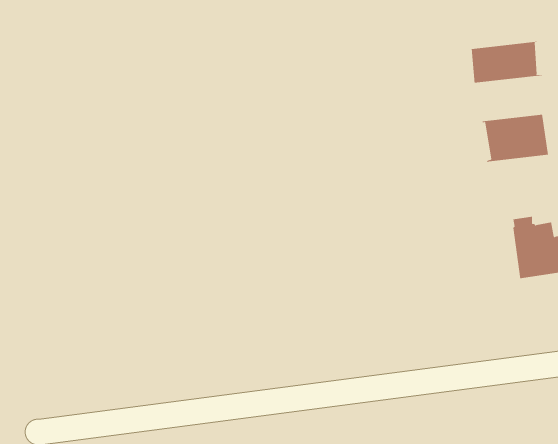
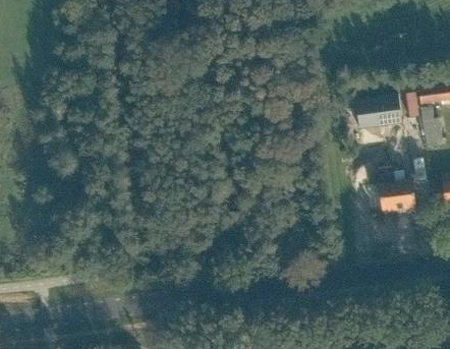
building: [471,41,542,84] -> none

